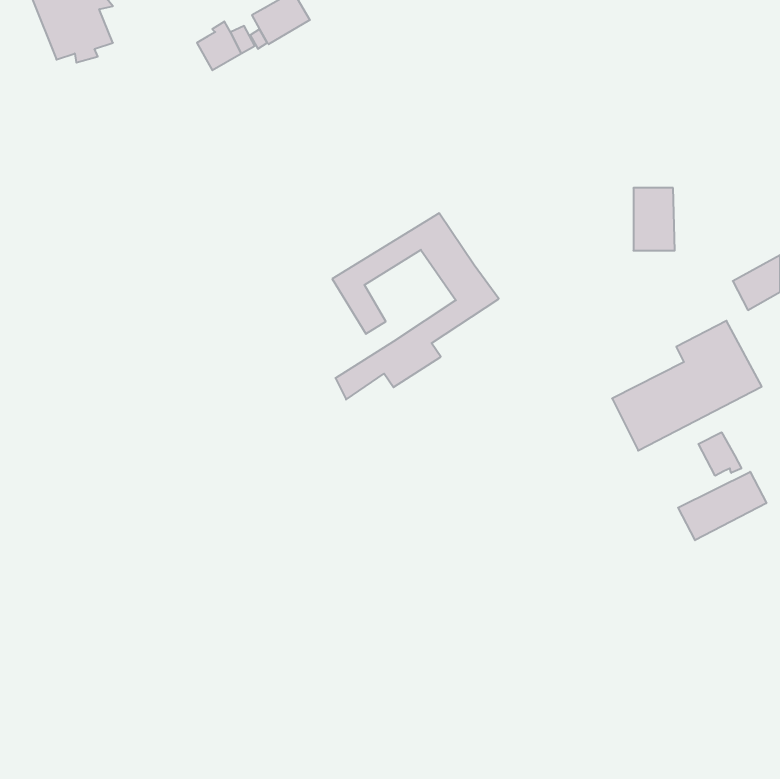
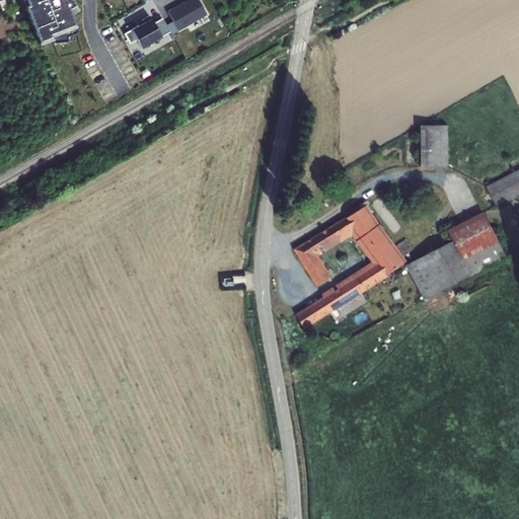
building: [332,213,499,400] -> [295,205,405,328]
building: [698,432,741,476] -> none
building: [678,472,766,540] -> none

